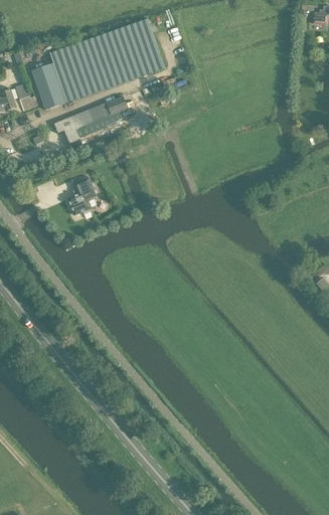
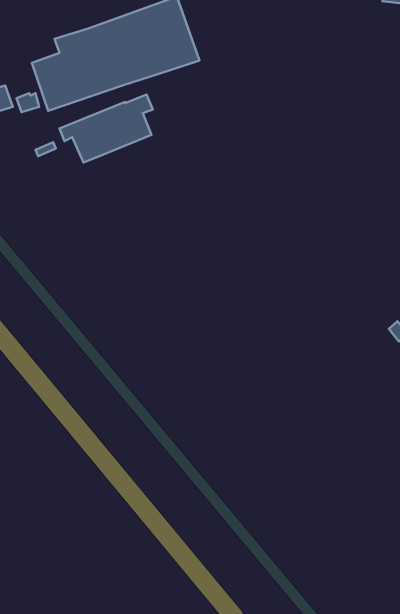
building: [65,176,96,214] -> none

